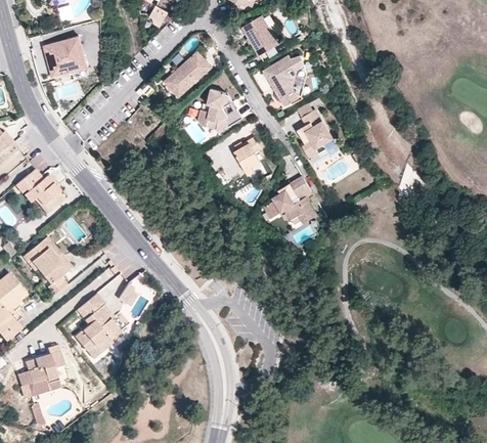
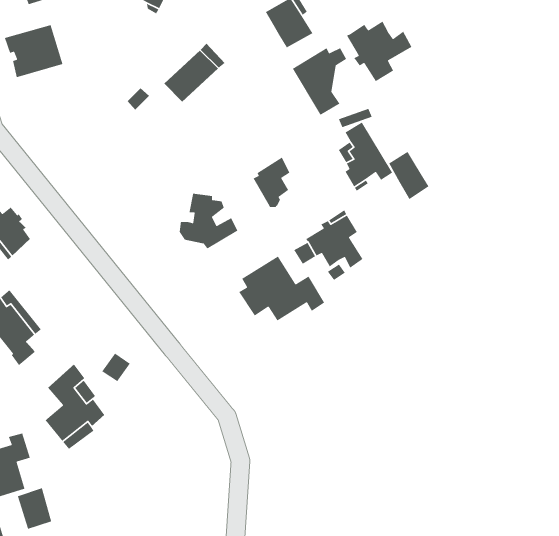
building: none -> [346,21,412,82]
building: [196,89,241,132] -> [179,193,238,250]
building: none -> [388,151,429,200]
building: none -> [238,256,325,322]
building: none -> [17,487,52,530]

